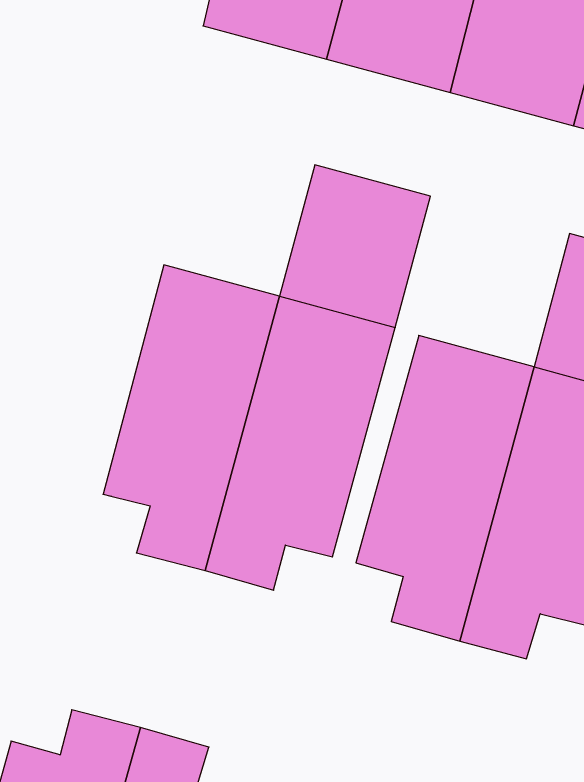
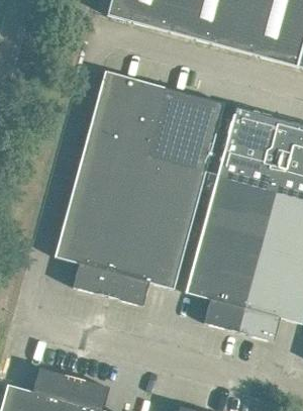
building: none -> [86,71,164,155]
building: none -> [217,106,295,191]

